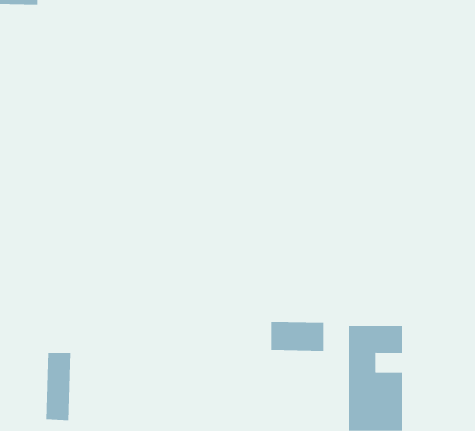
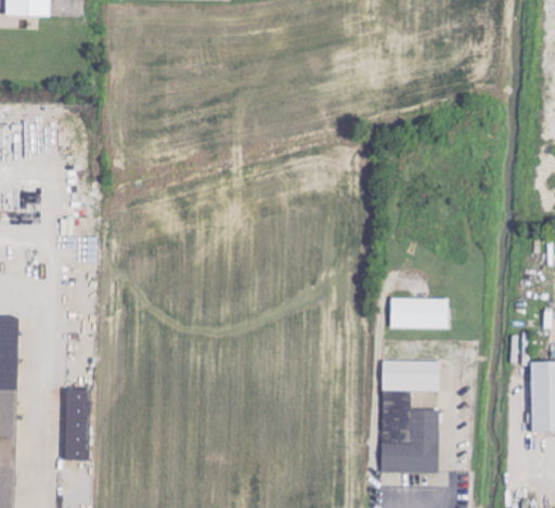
building: [270,321,324,351] -> [391,297,448,328]

